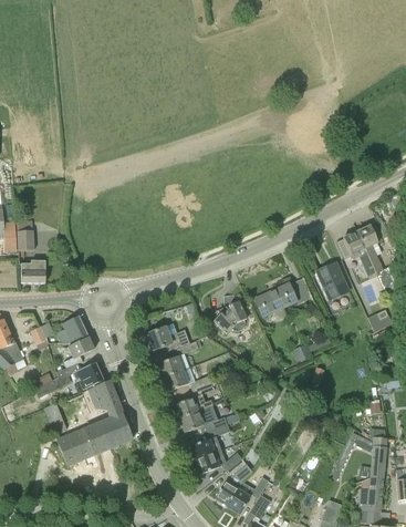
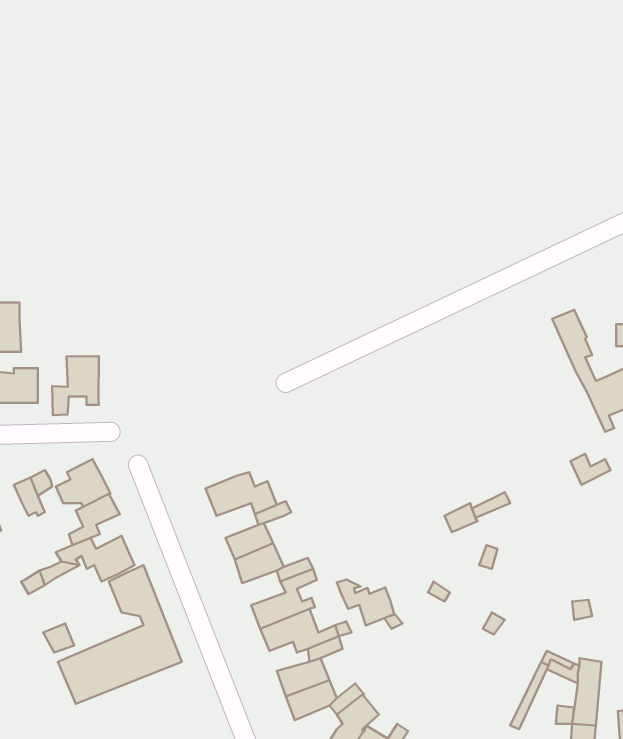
building: [335,230,377,278] -> none
building: none -> [52,356,99,415]
building: [315,261,348,300] -> none
building: [254,283,296,317] -> none
building: [214,300,246,333] -> none
building: none -> [337,580,394,625]

